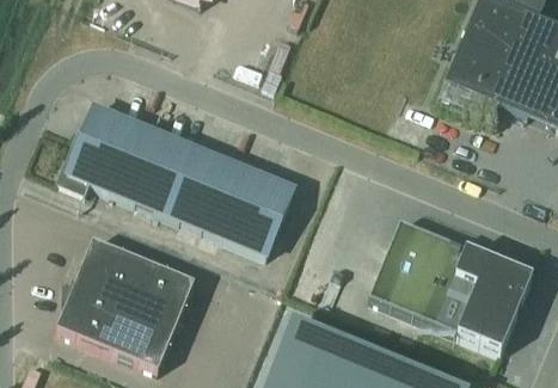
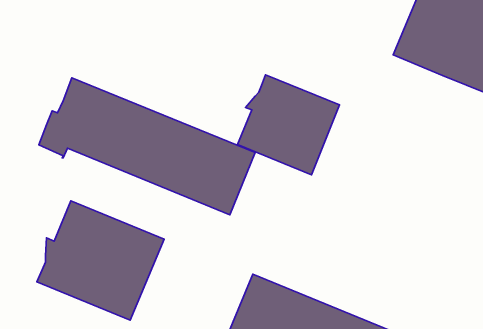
building: none -> [237,75,339,175]
building: [369,220,533,350] -> none

